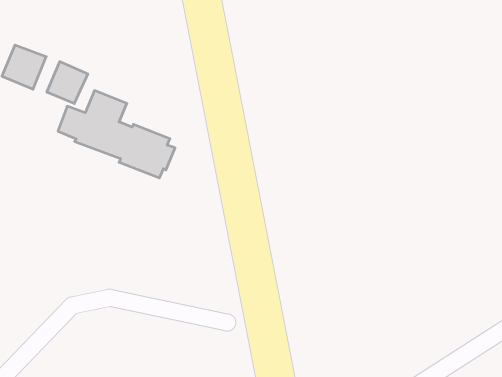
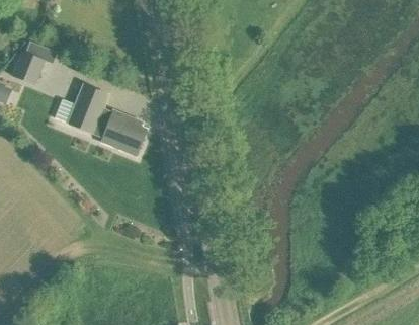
building: [47,62,88,104] -> none

